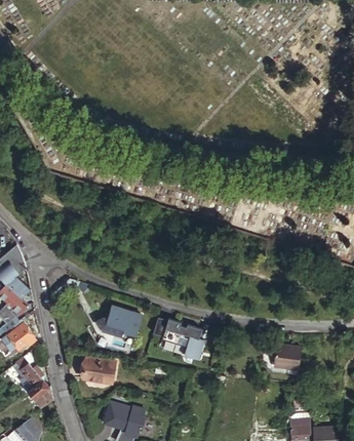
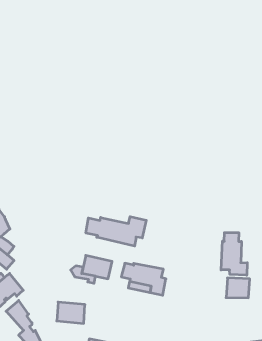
building: none -> [86,217,146,246]
building: none -> [221,233,247,275]

